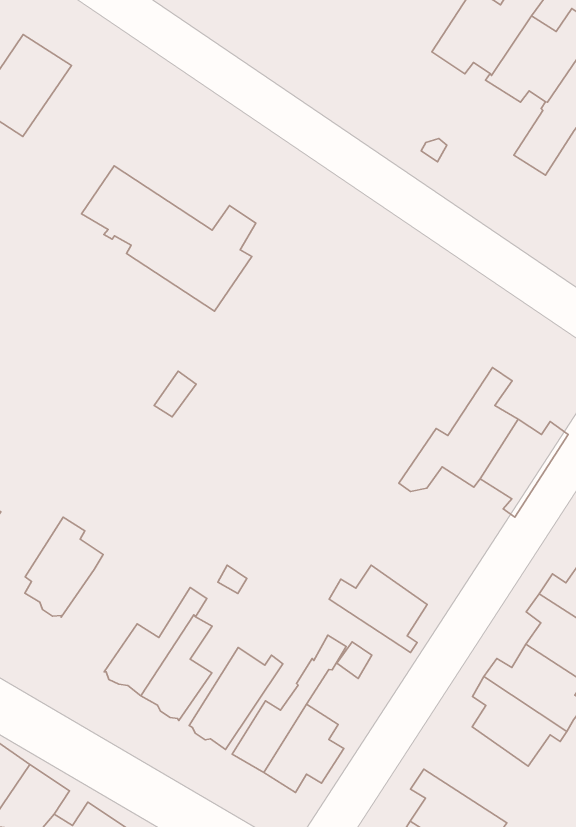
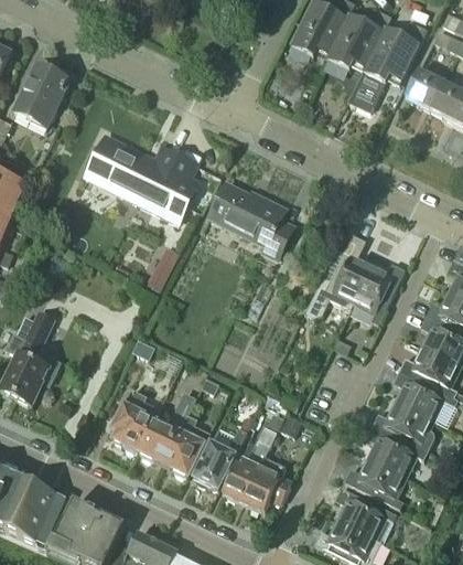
building: none -> [209,182,293,257]
building: [25,517,103,617] -> [112,388,159,450]
building: [329,565,427,652] -> [345,456,406,507]

